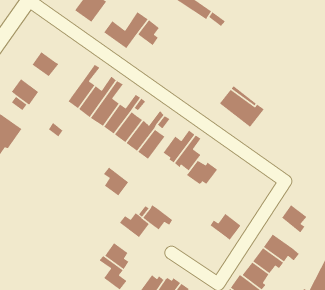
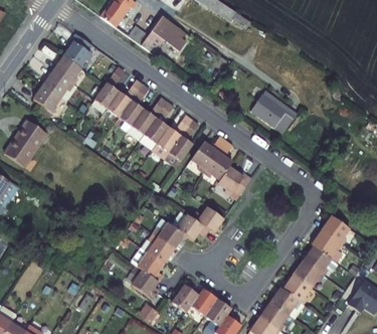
building: none -> [67,32,95,65]
building: none -> [46,68,84,103]
building: [103,167,129,197] -> [142,232,169,264]
building: [210,213,242,241] -> [188,204,221,233]
building: none -> [305,227,338,259]

